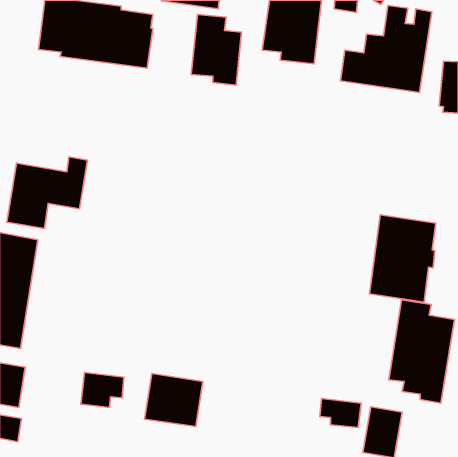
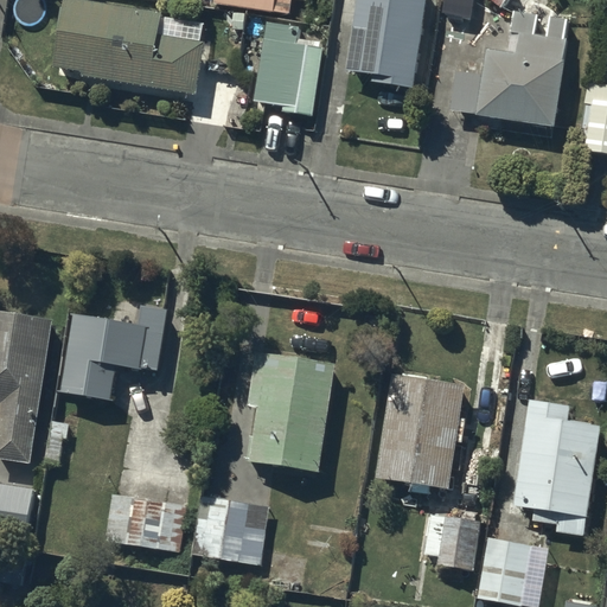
building: [7,157,88,229] -> [59,304,166,398]
building: [369,215,436,302] -> [377,371,465,486]
building: none -> [248,352,334,471]

